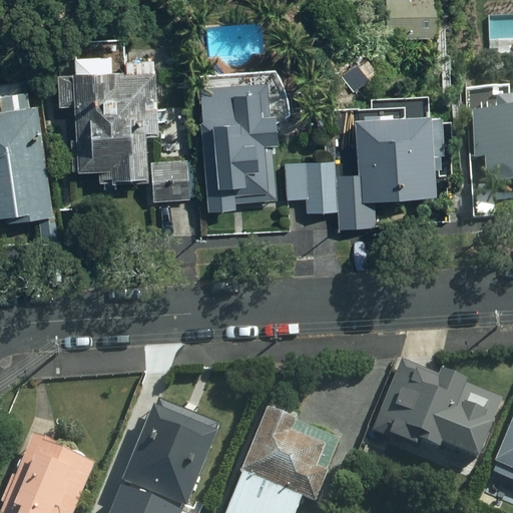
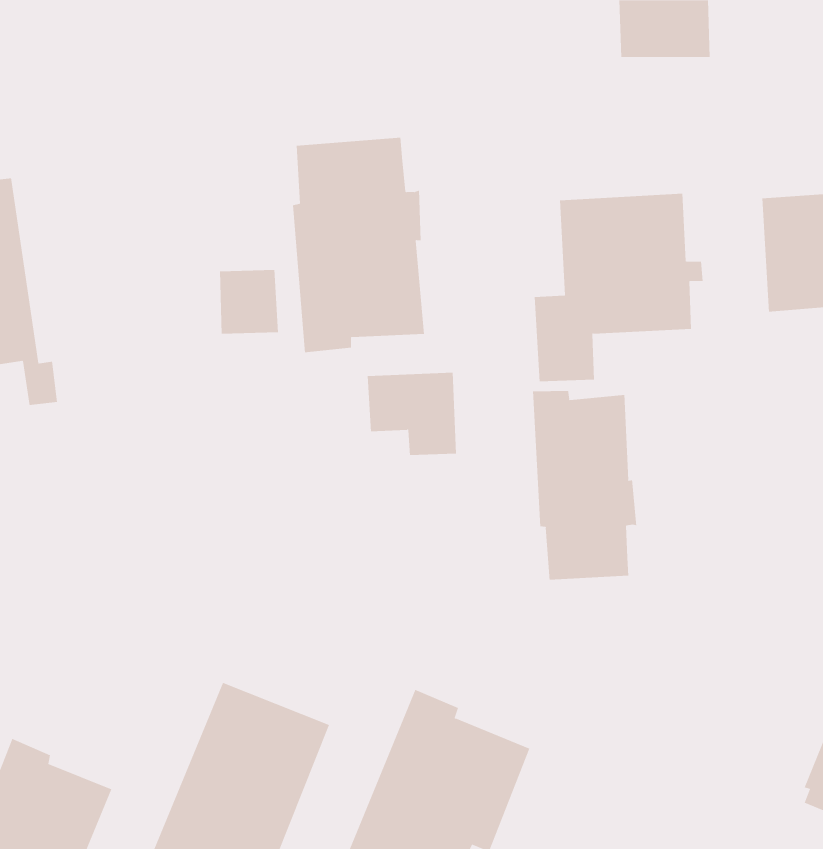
building: [55,56,157,181] -> none
building: [287,162,340,211] -> [367,372,457,456]
building: none -> [532,390,637,581]
building: [379,376,502,461] -> none

